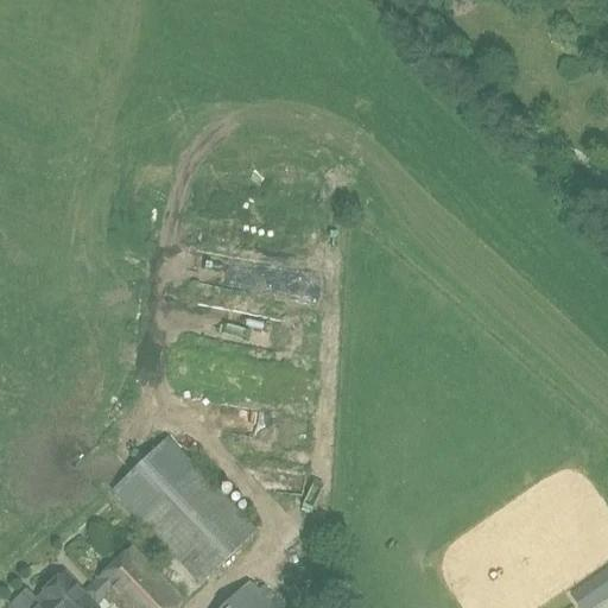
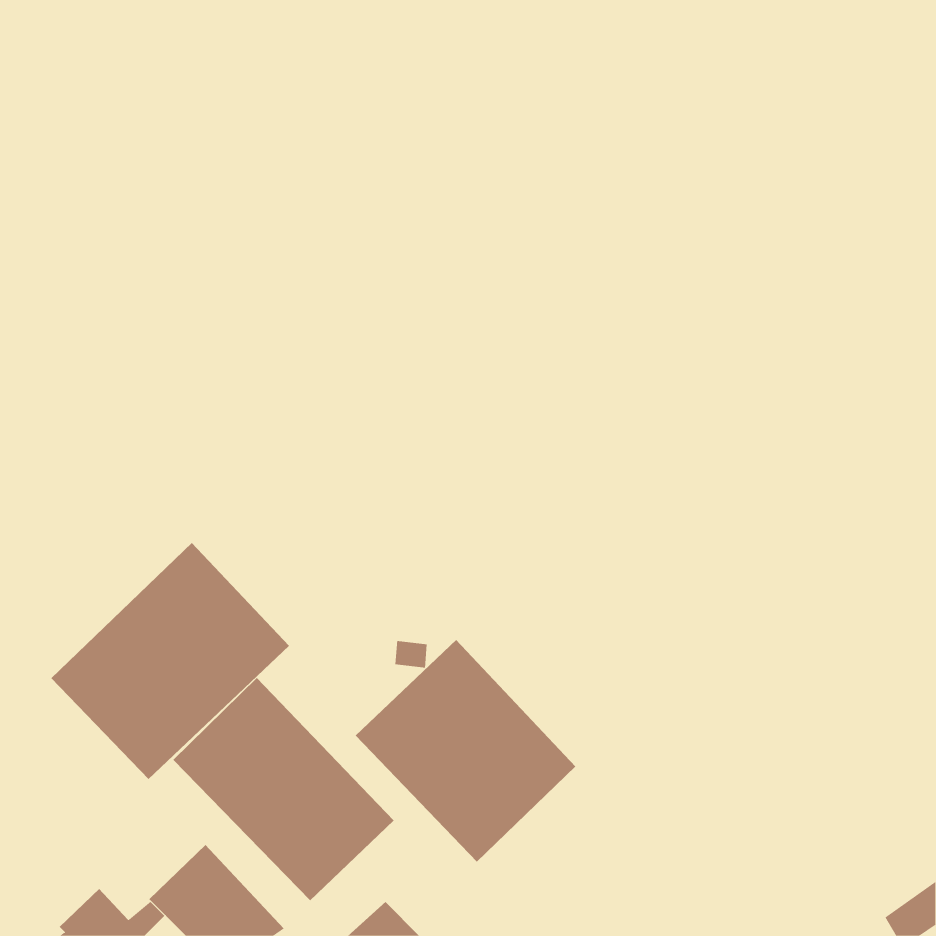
building: none -> [50,542,290,780]
building: none -> [355,639,576,862]

